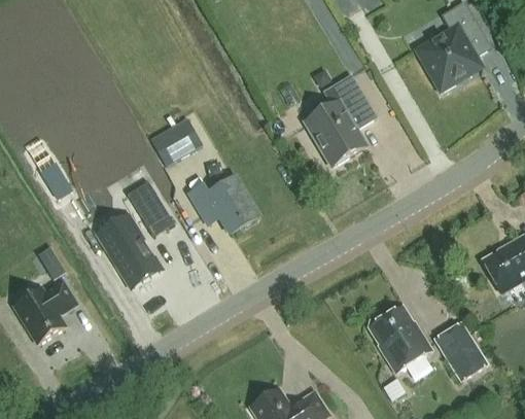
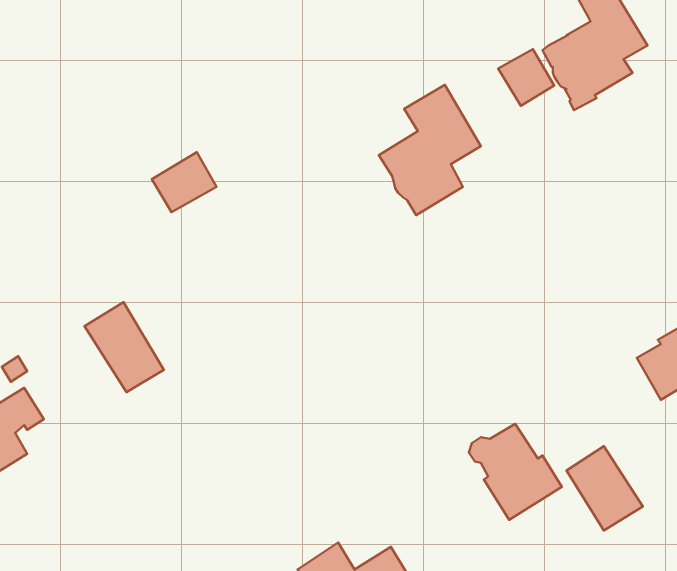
building: none -> [498,49,554,106]
building: [190,177,255,230] -> none
building: [128,181,174,237] -> none

